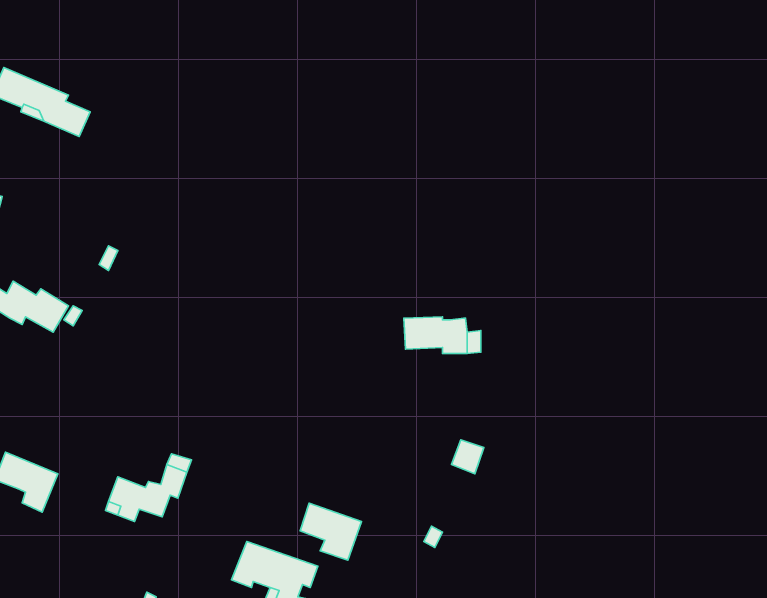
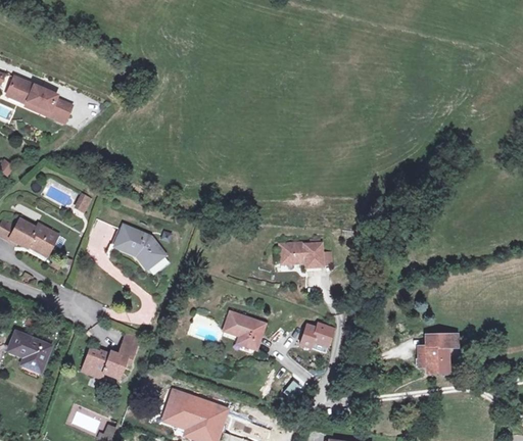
building: none -> [114,226,164,268]
building: none -> [418,334,457,373]
building: [300,503,362,560] -> [224,311,265,349]

